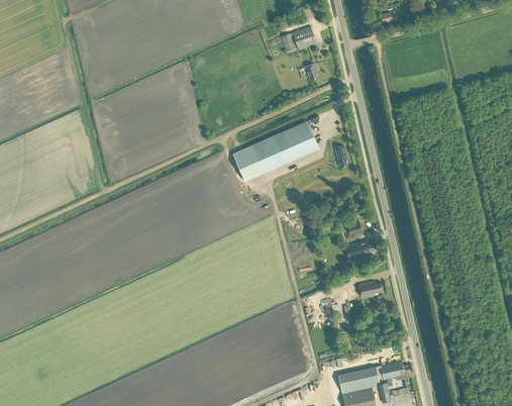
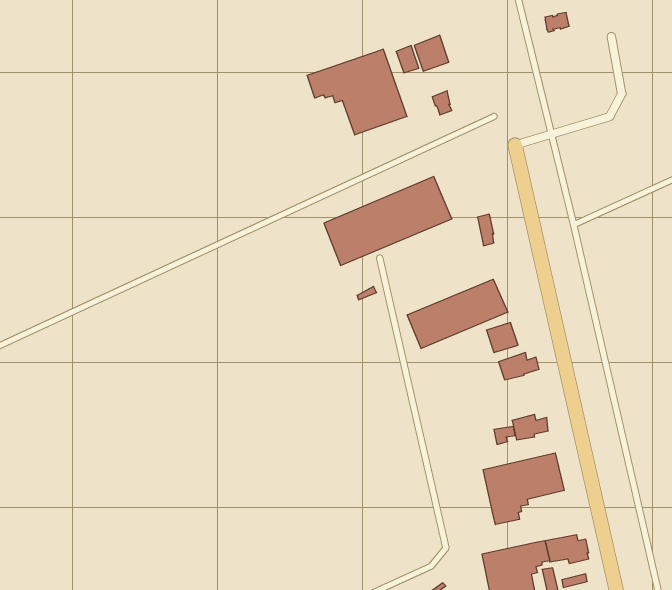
building: none -> [307,49,407,135]
building: none -> [407,279,508,349]
building: none -> [483,453,564,525]

